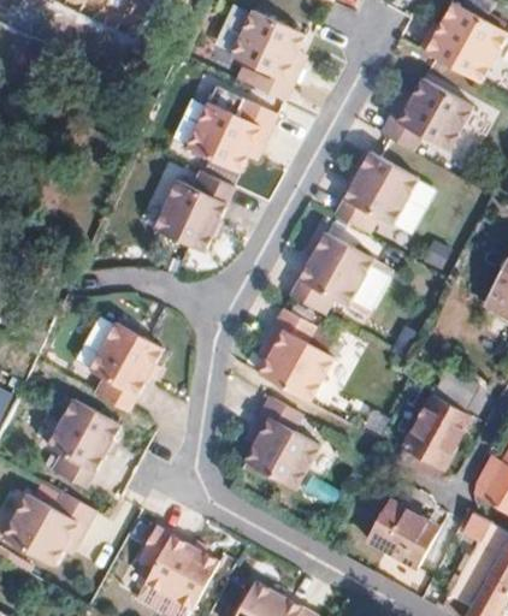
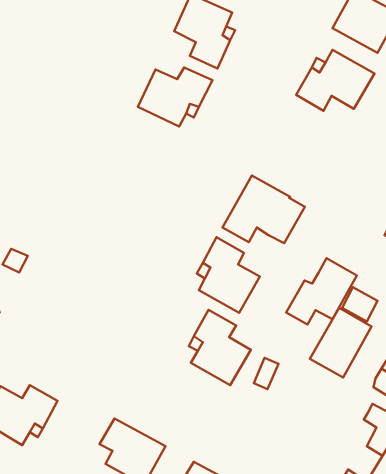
building: [333,150,418,232] -> none
building: [153,170,235,250] -> none
building: [88,324,163,411] -> none
building: none -> [286,258,357,325]
building: [48,399,122,490] -> none
building: [367,499,437,567] -> none

